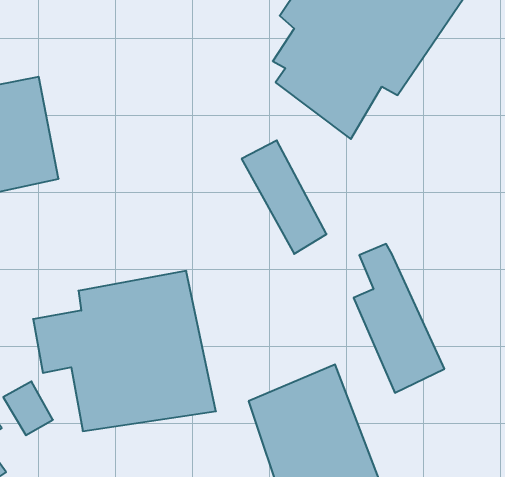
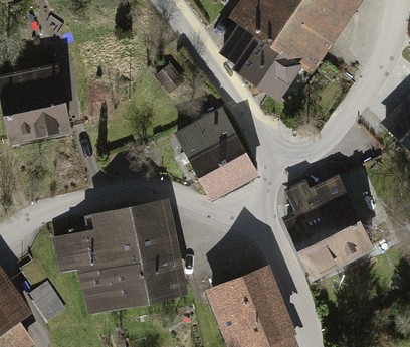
building: none -> [178,120,238,200]
building: none -> [308,167,375,269]

